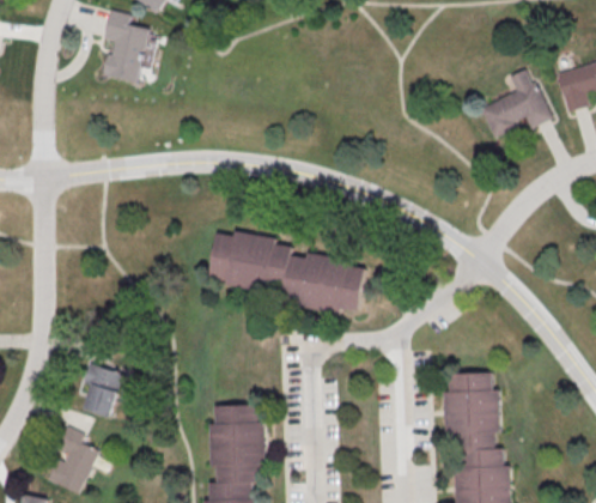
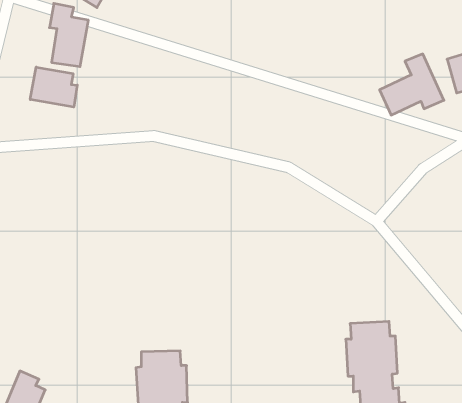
building: none -> [30,67,77,107]
building: [214,231,372,316] -> none
building: [85,363,124,417] -> none

